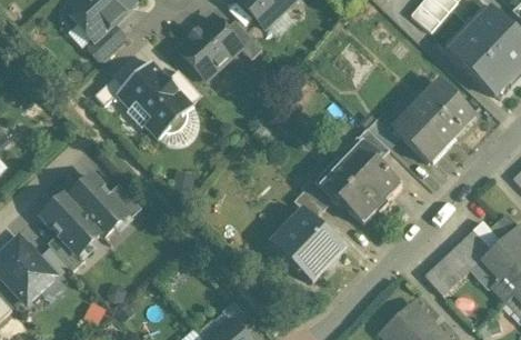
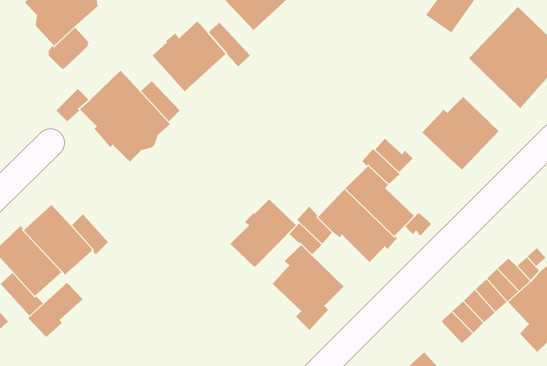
building: [393,114,442,162] -> none
building: none -> [230,198,297,267]
building: none -> [28,282,83,338]

